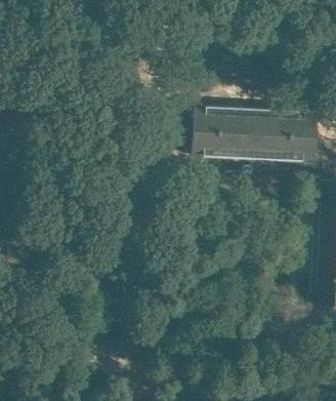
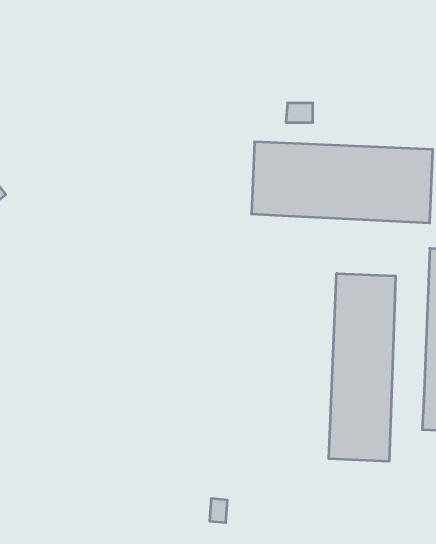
building: none -> [329,273,396,461]

